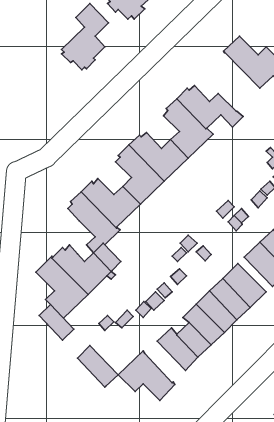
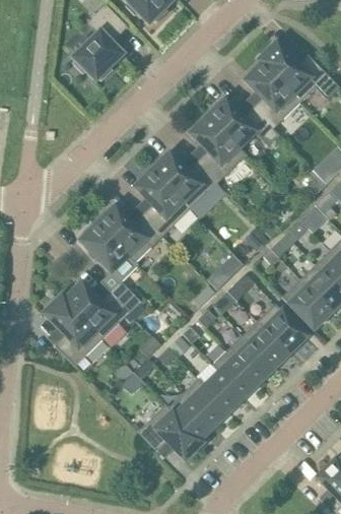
building: none -> [245,61,300,129]
building: [39,305,74,340] -> none
building: [78,346,118,387] -> [168,393,215,441]

